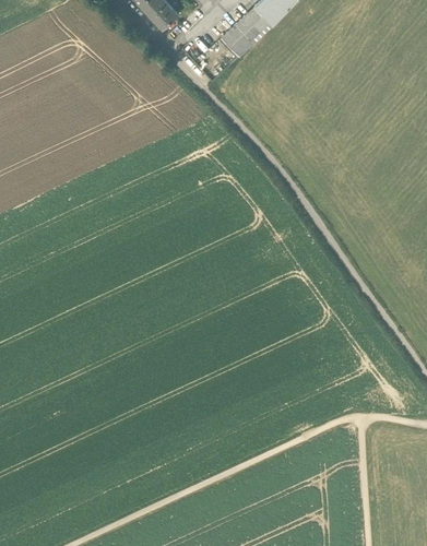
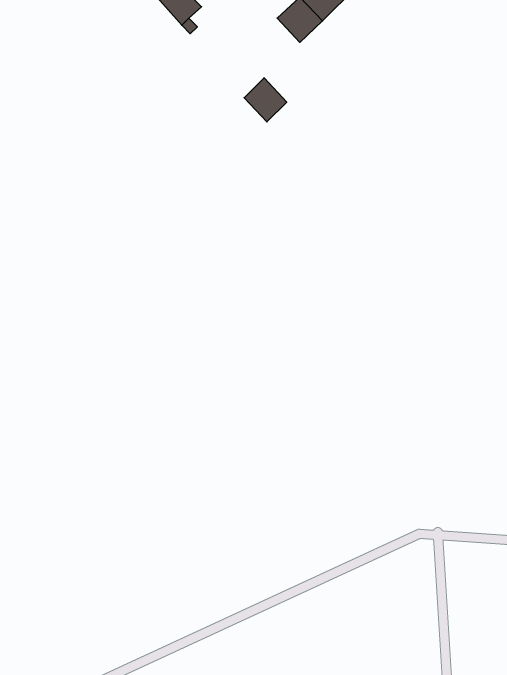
building: [222,22,254,56] -> [244,78,287,122]

